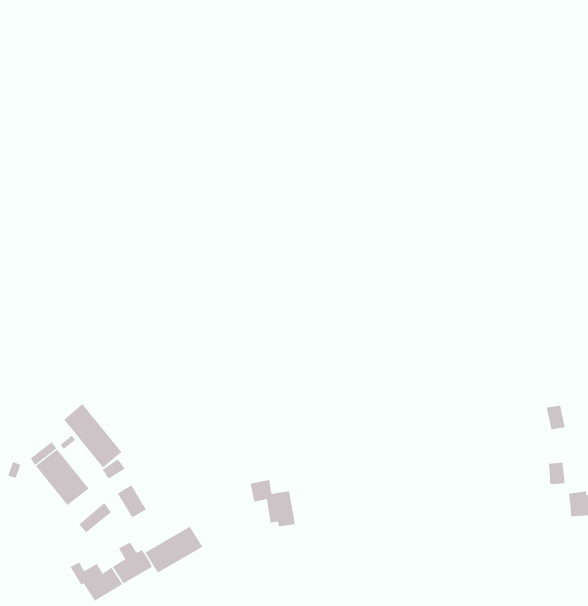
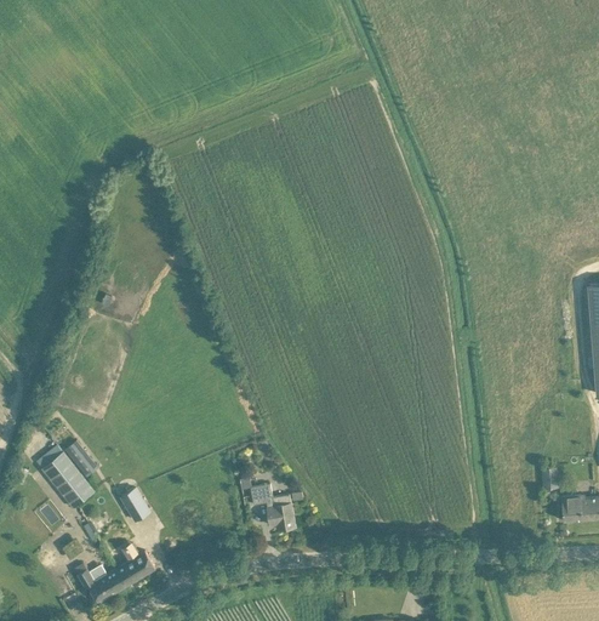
building: [63,403,122,468] -> none
building: [145,526,203,574] -> none

